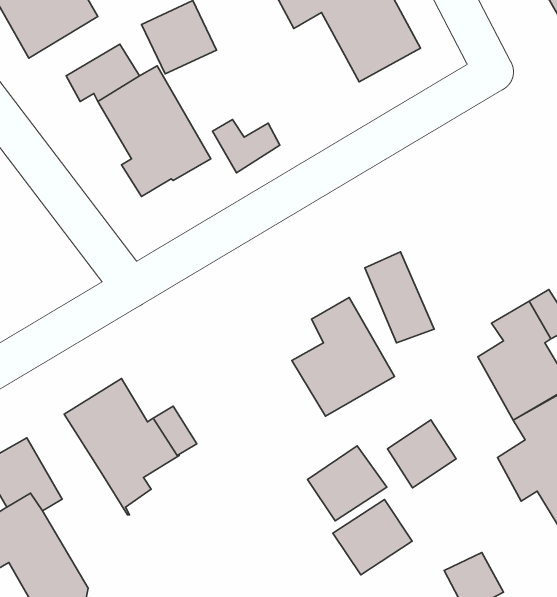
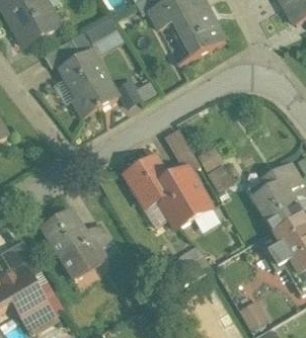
building: none -> [126,157,175,208]
building: [388,420,456,488] -> none
building: [333,499,412,575] -> none

